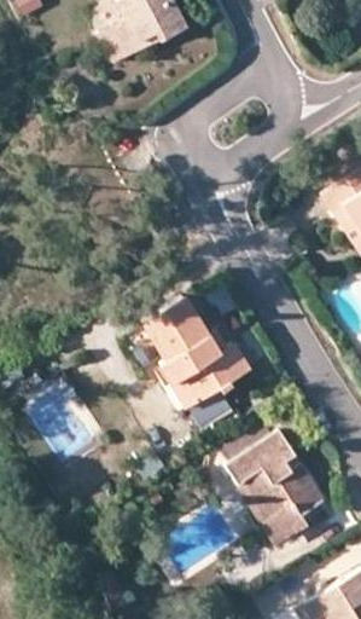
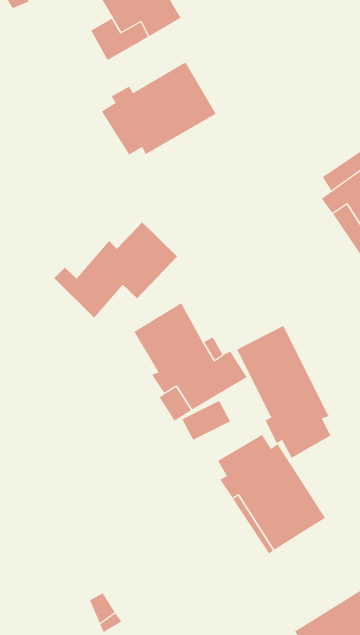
building: none -> [101,62,216,155]
building: none -> [54,222,178,318]
building: none -> [236,325,331,458]

